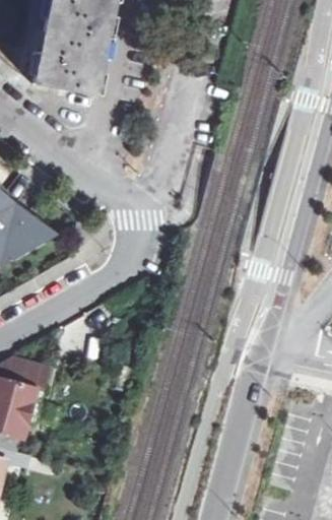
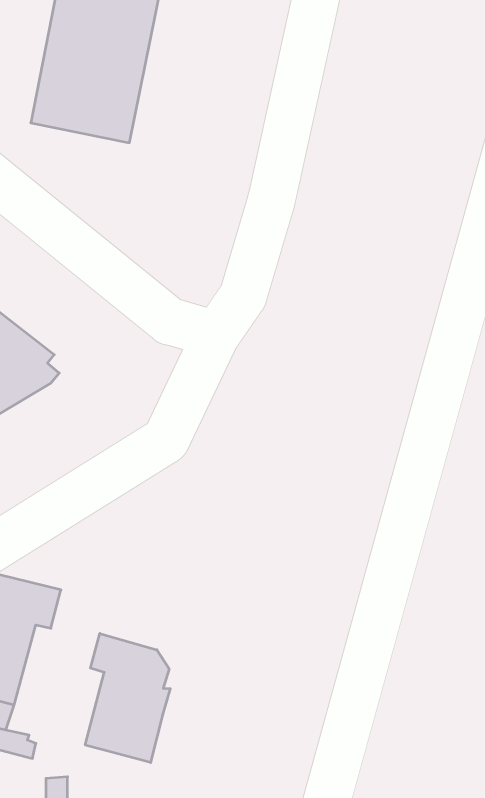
building: none -> [85,633,170,763]

